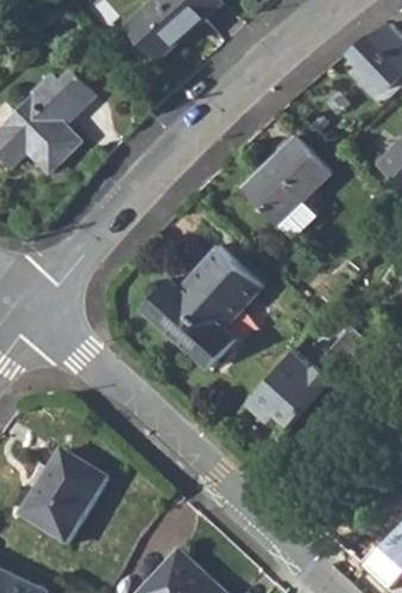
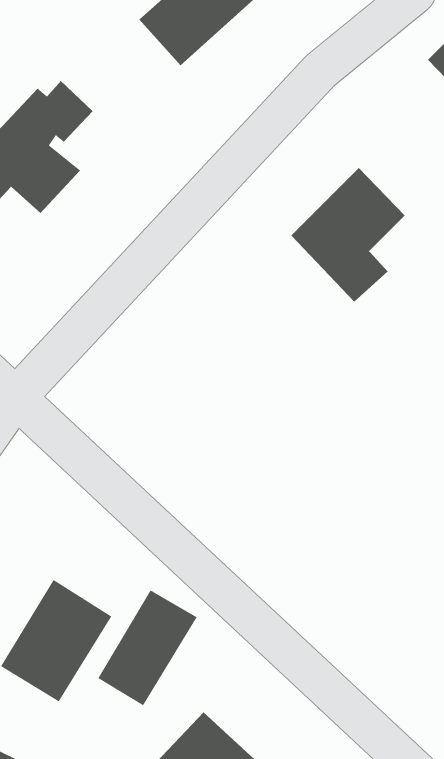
building: [141,244,263,368] -> none
building: [244,347,329,423] -> none
building: none -> [97,590,198,706]

